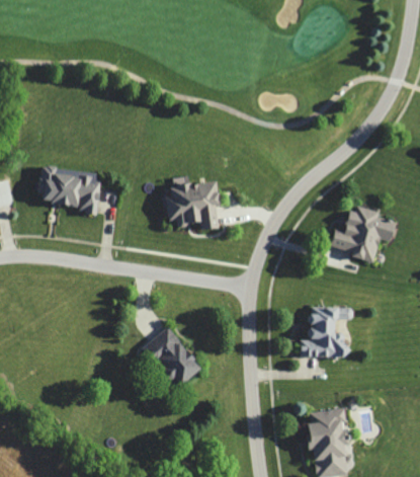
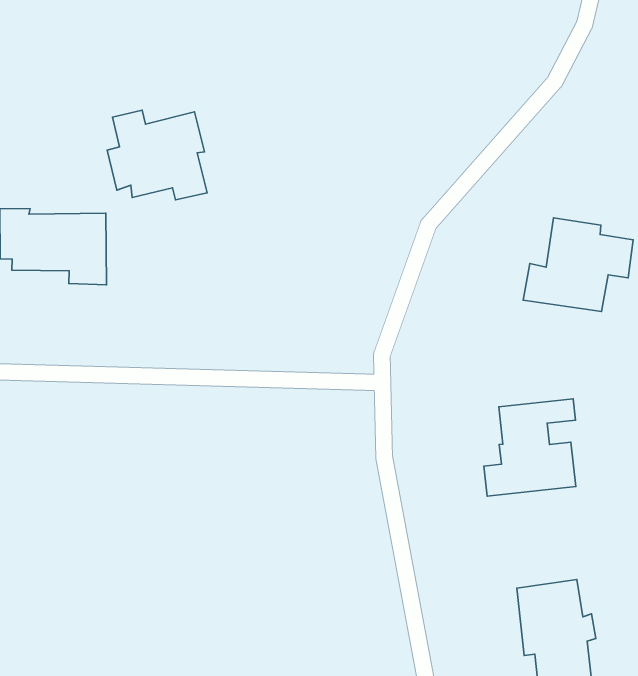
building: [165,177,220,230] -> [107,110,207,200]
building: [143,326,203,388] -> none

